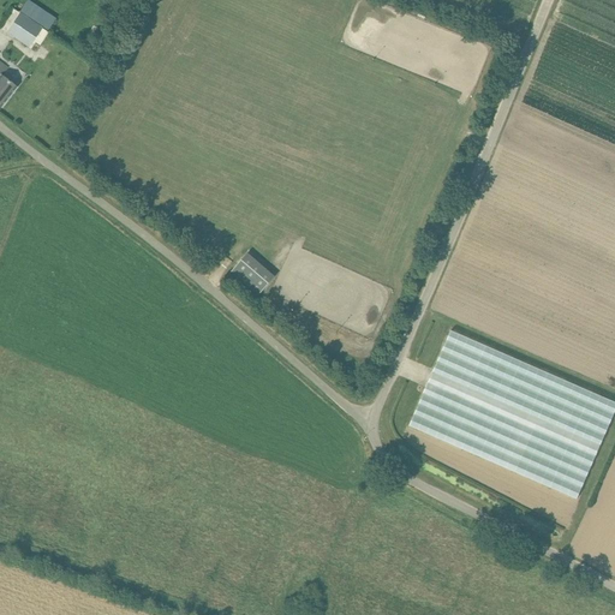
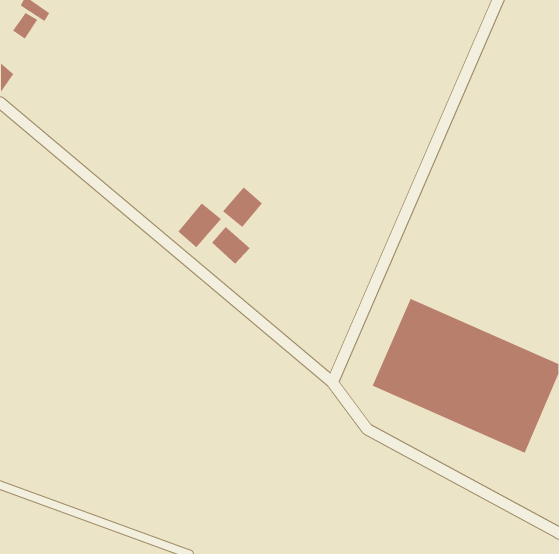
building: none -> [222,186,263,228]
building: none -> [177,203,222,248]

